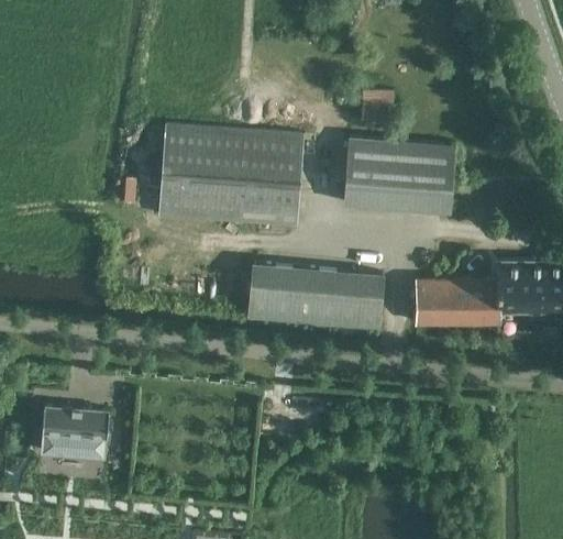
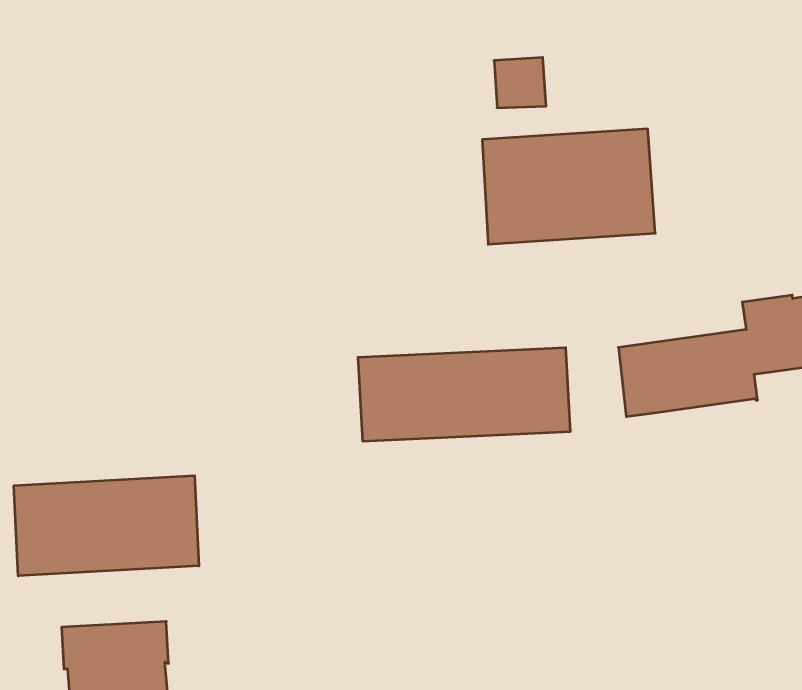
building: [158,125,305,228] -> none
building: none -> [14,476,199,576]

